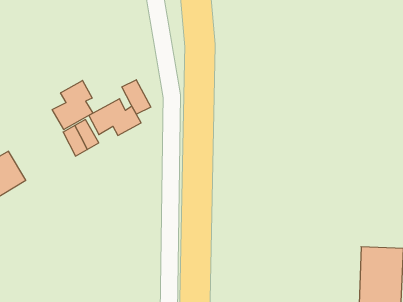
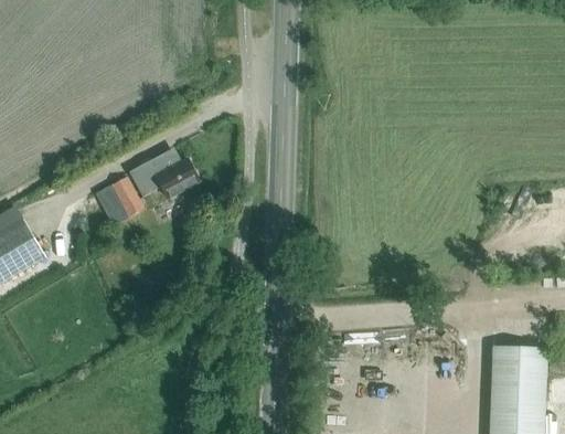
building: [122,80,151,114] -> none
building: [52,80,93,130] -> none

